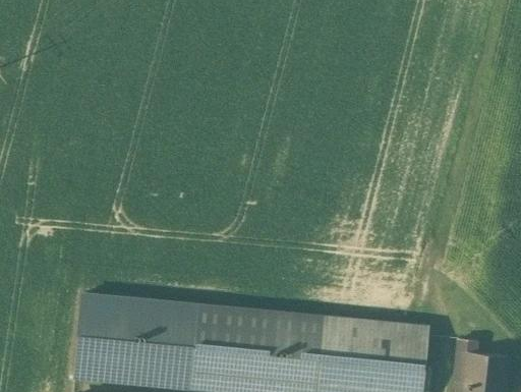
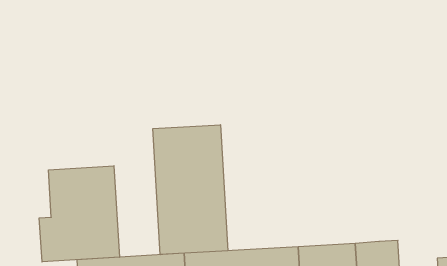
building: none -> [153,125,228,255]
building: none -> [39,166,120,262]

